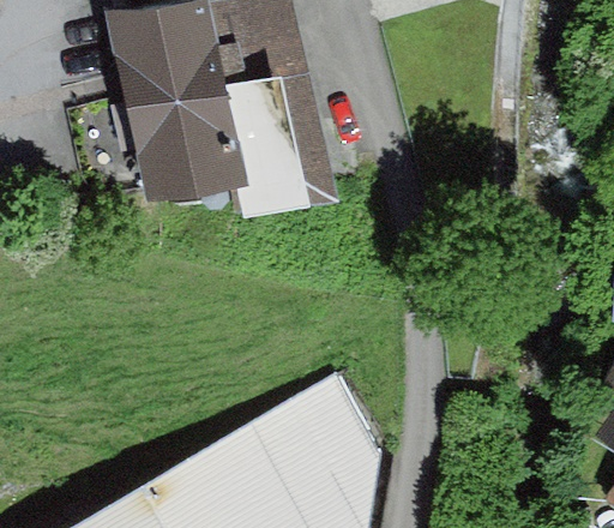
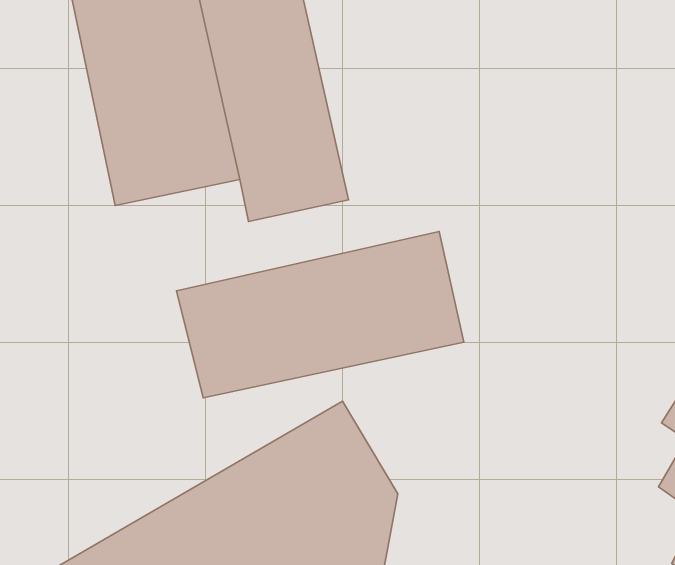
building: none -> [177,232,464,398]

